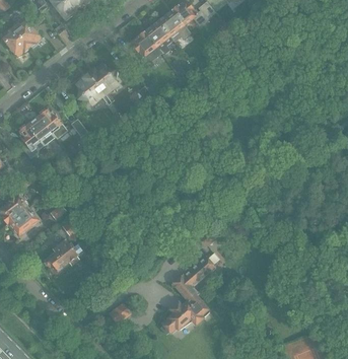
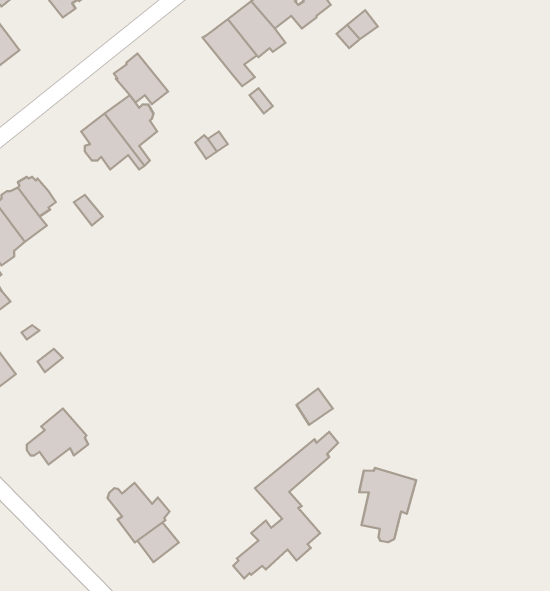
building: [130,30,160,59] -> [114,54,168,104]
building: none -> [359,468,416,542]
building: none -> [108,483,170,542]

